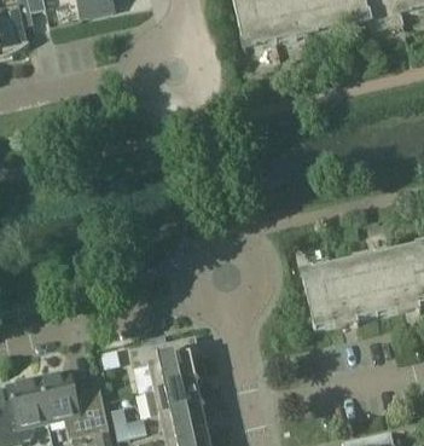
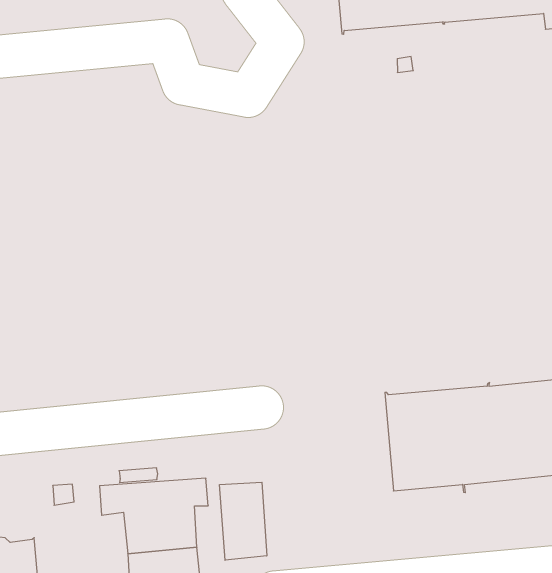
building: none -> [220,482,267,560]

